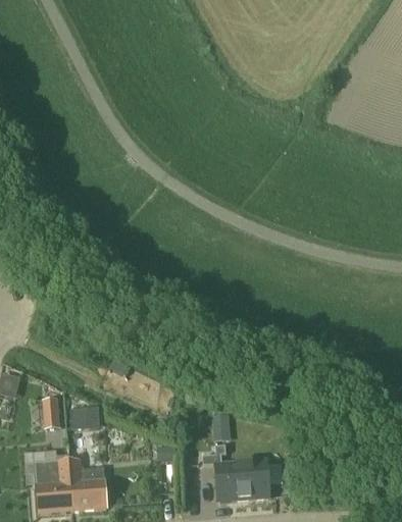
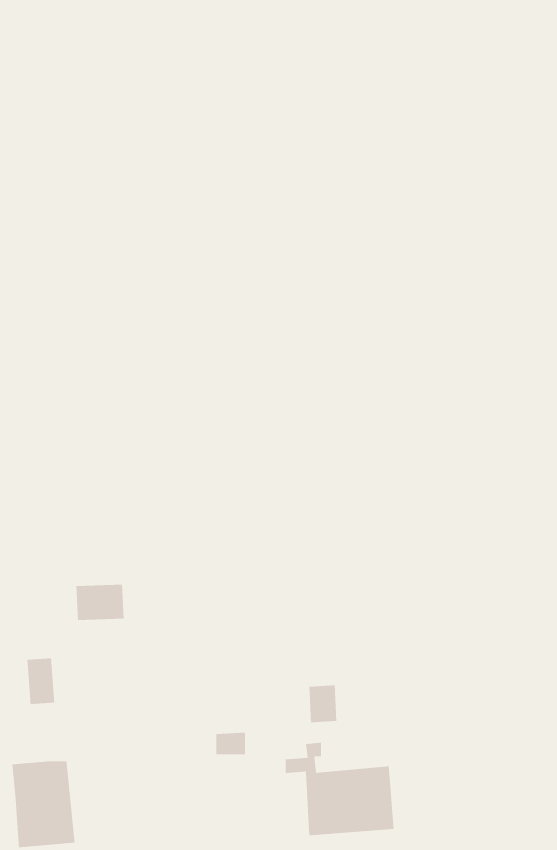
building: [70,404,100,426] -> [76,584,125,621]
building: [67,459,106,510] -> none

